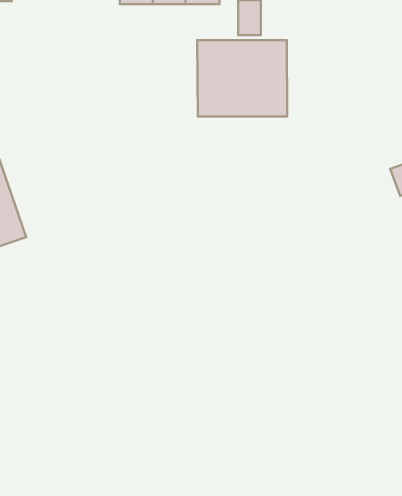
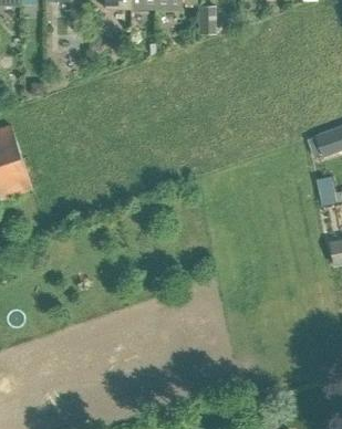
building: [197,40,287,117] -> none

